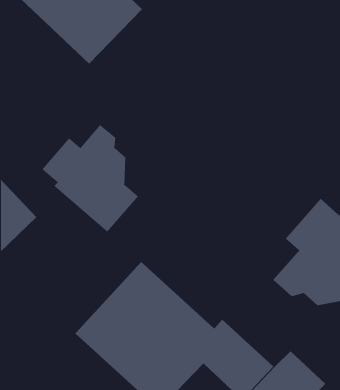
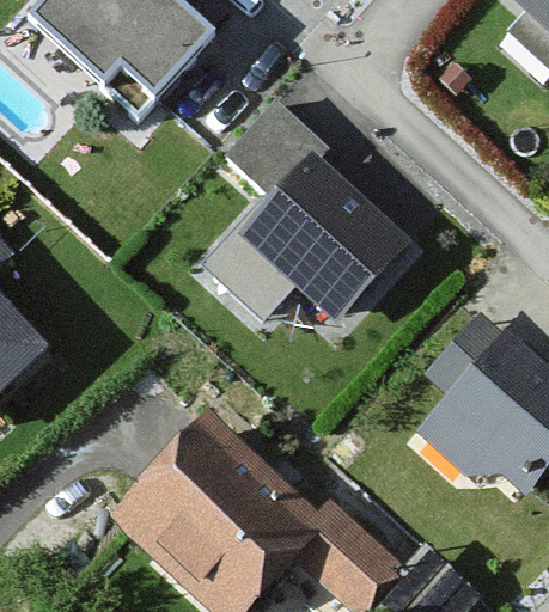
building: none -> [218,100,407,324]
building: [41,124,139,232] -> none

